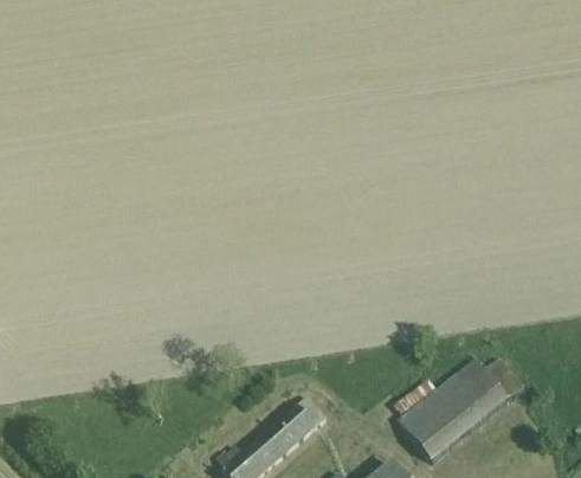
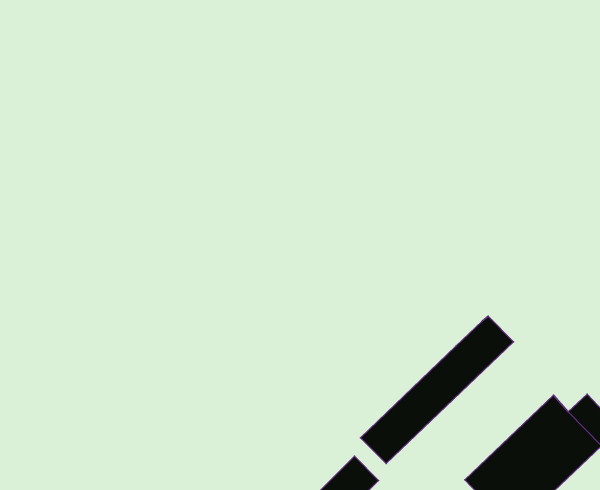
building: none -> [361,316,514,463]

